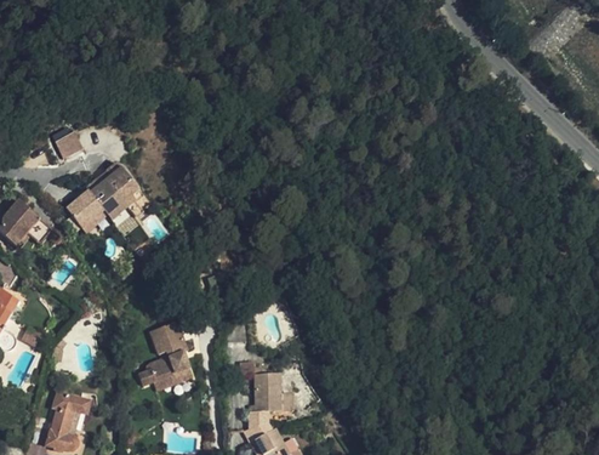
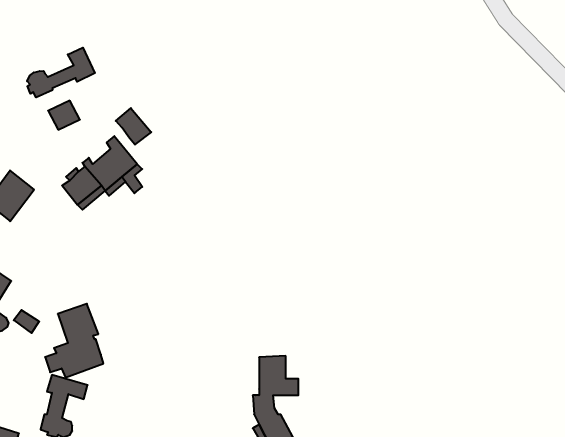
building: none -> [27,48,95,97]
building: none -> [116,108,151,145]
building: [137,322,193,392] -> [45,304,103,377]

